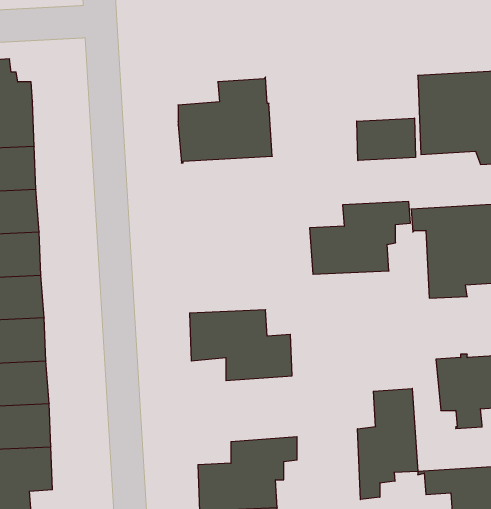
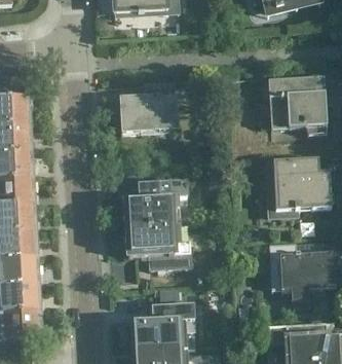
building: [357,118,415,161] -> none
building: [310,202,410,274] -> [124,183,187,228]
building: [358,388,418,500] -> none

